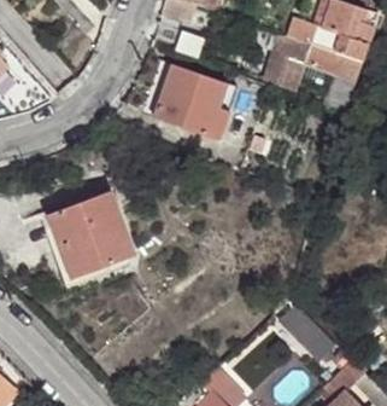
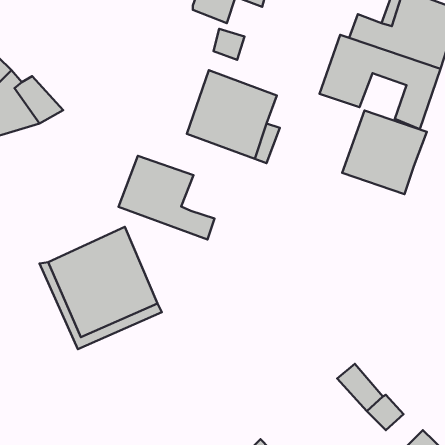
building: none -> [342,110,427,194]
building: none -> [118,156,214,240]

